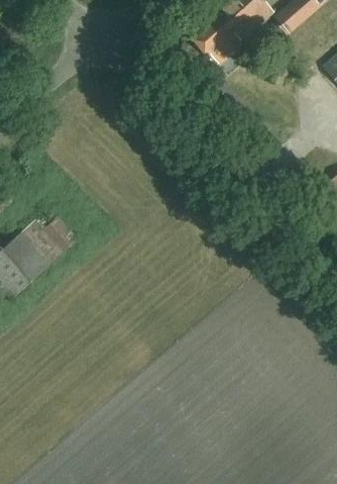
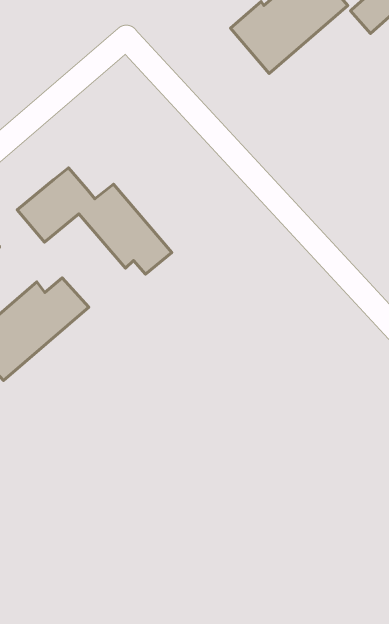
building: none -> [17,168,172,274]

